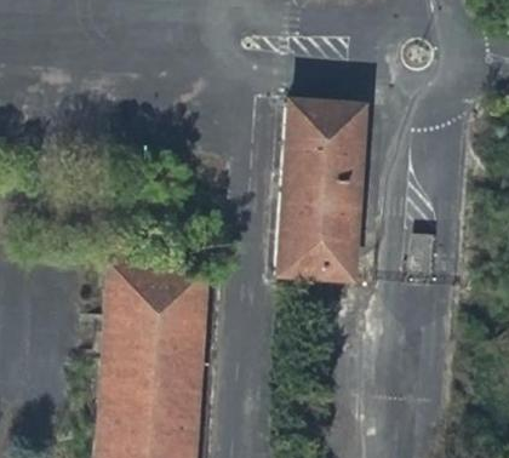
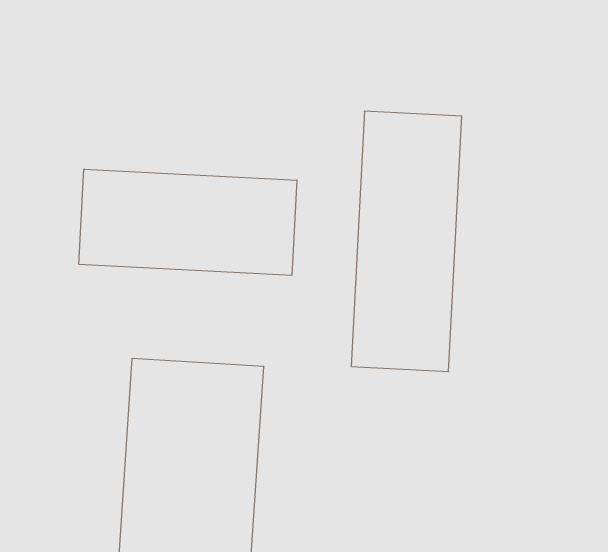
building: none -> [79,169,297,275]

